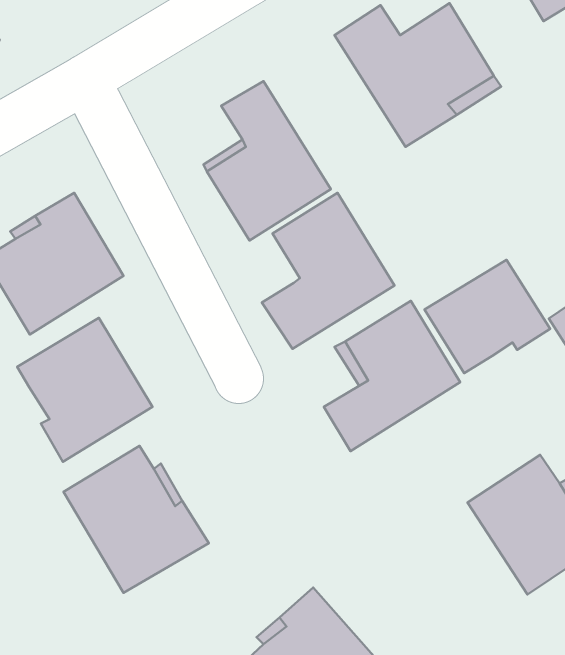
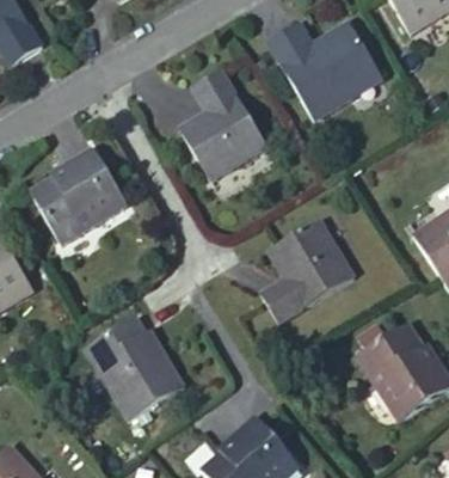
building: [262,193,395,349] -> none
building: [424,260,550,373] -> none
building: [17,318,152,462] -> none

